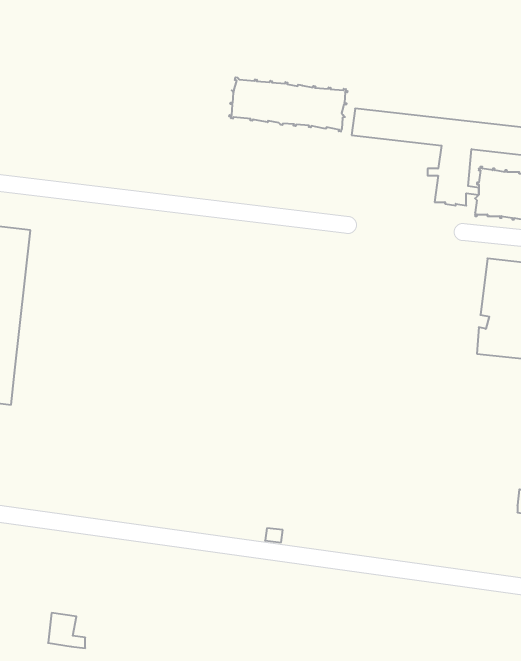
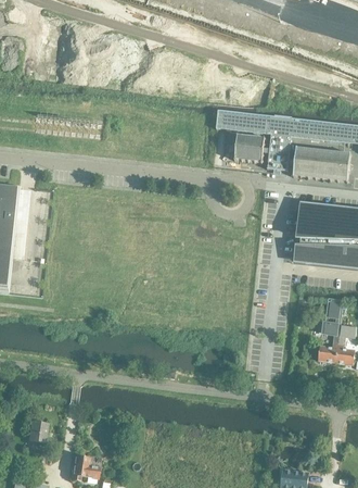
building: [229,77,348,132] -> none
building: none -> [233,133,266,162]

